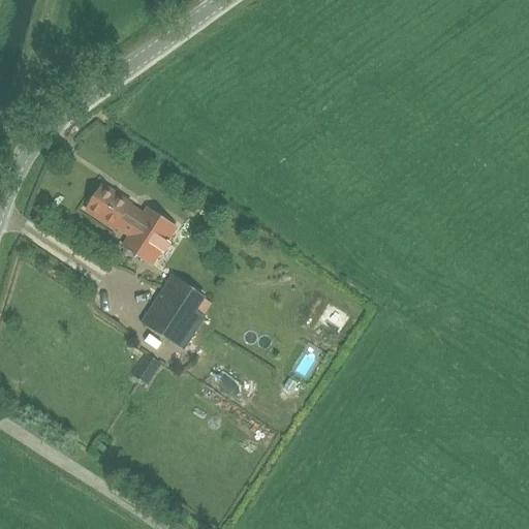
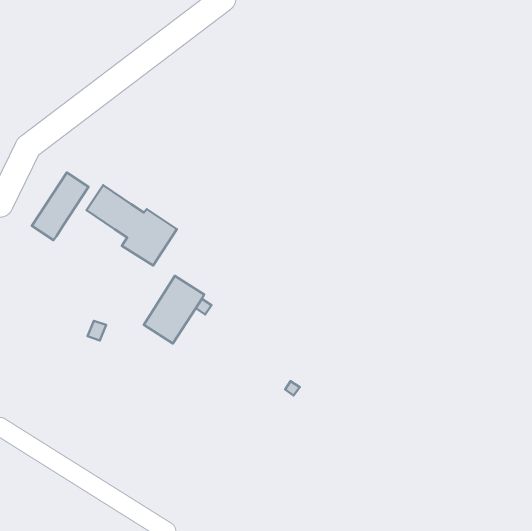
building: none -> [32,173,89,240]

